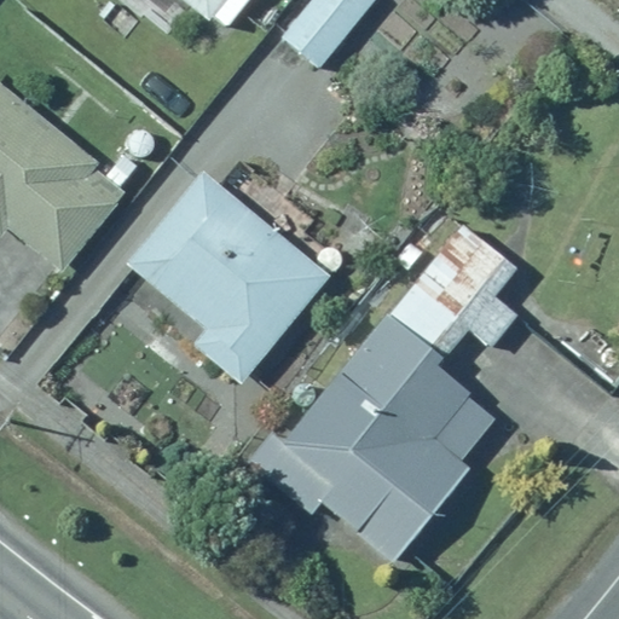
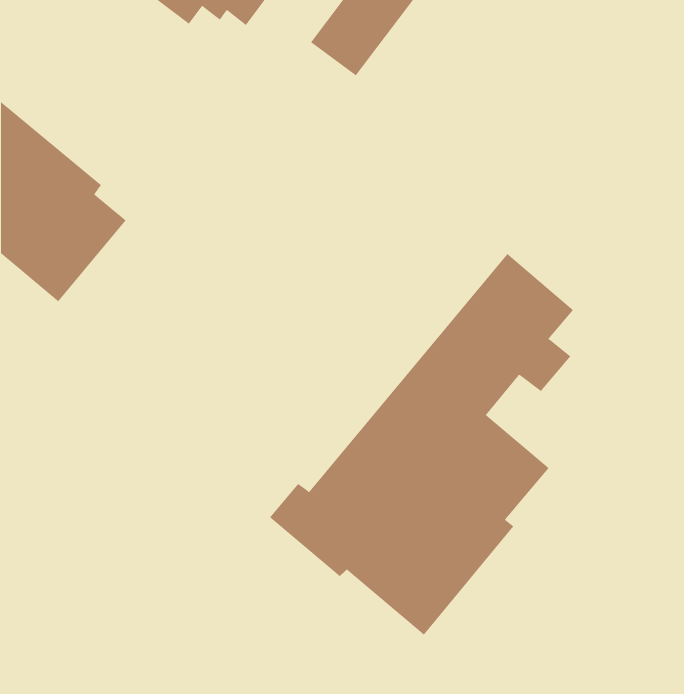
building: [127,174,326,387] -> none

